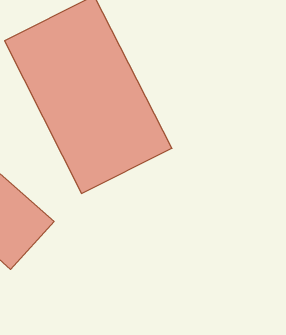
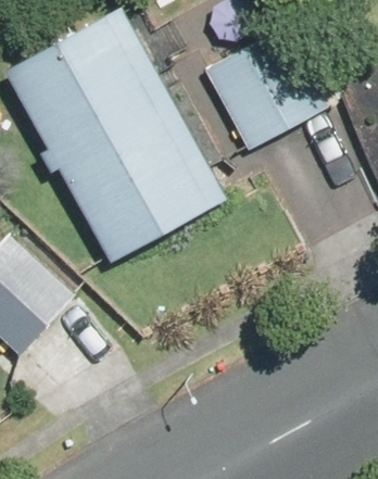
building: none -> [205,27,325,147]

